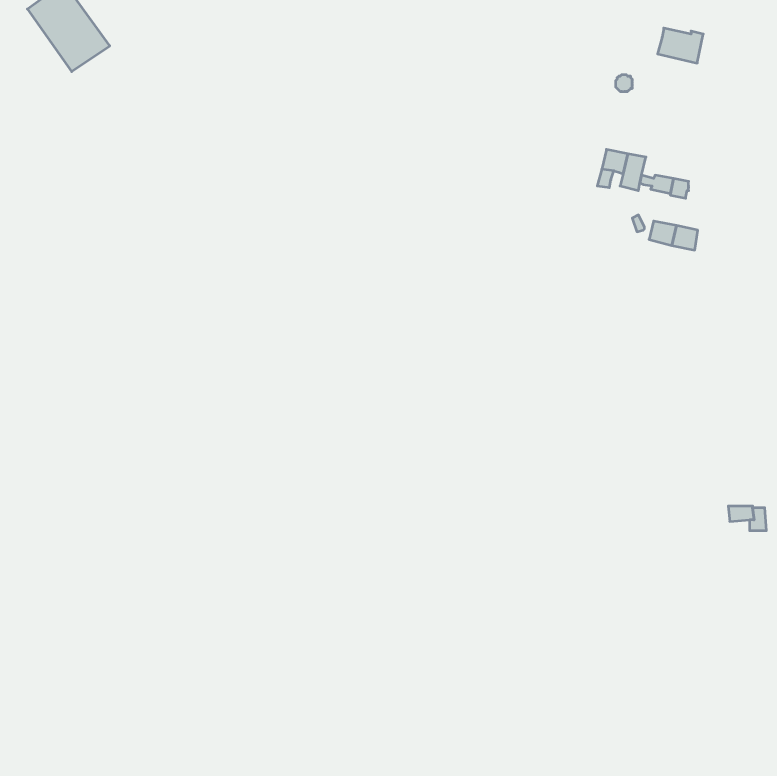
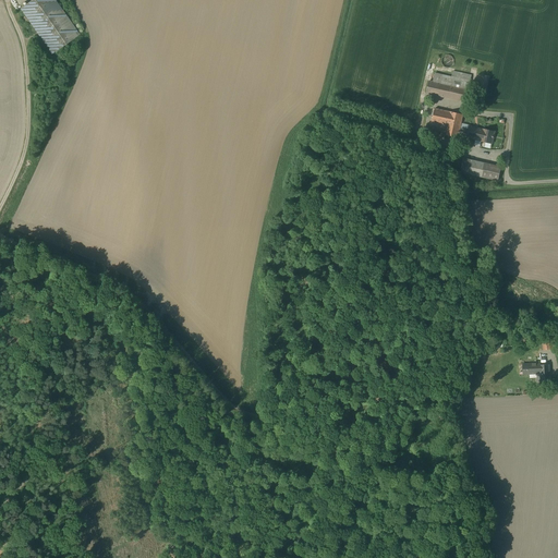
building: [658,28,703,63] -> [436,75,469,100]

